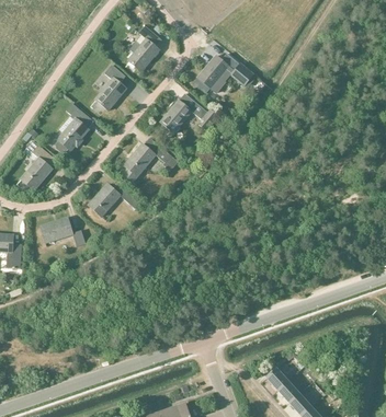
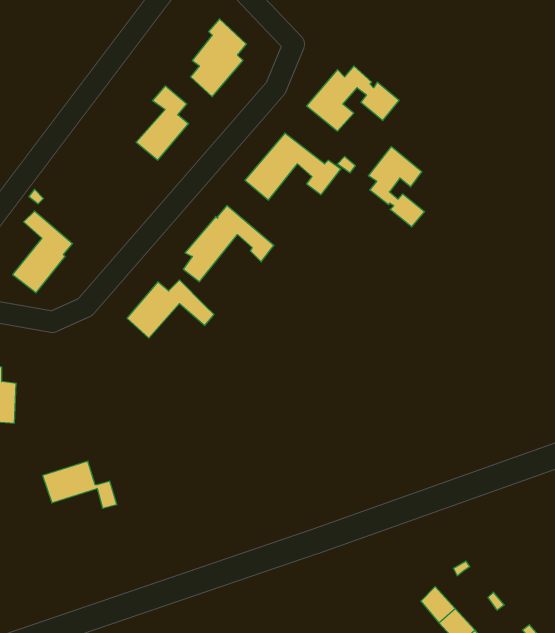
building: none -> [368,147,424,227]
building: [56,103,94,152] -> none
building: [41,218,86,246] -> [43,461,117,508]

